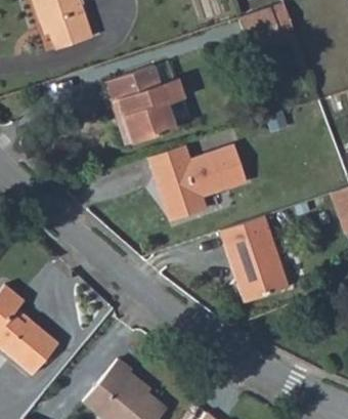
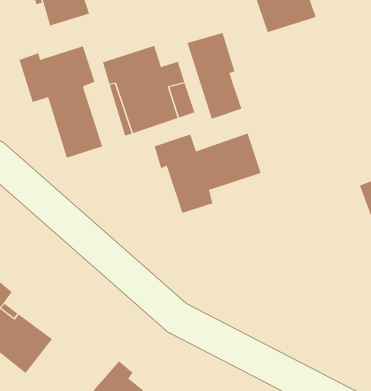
building: none -> [187,32,242,119]
building: none -> [19,46,103,159]
building: [221,217,289,304] -> none

